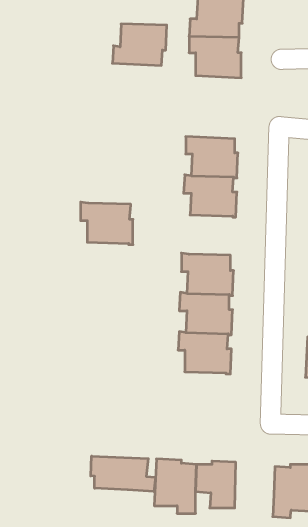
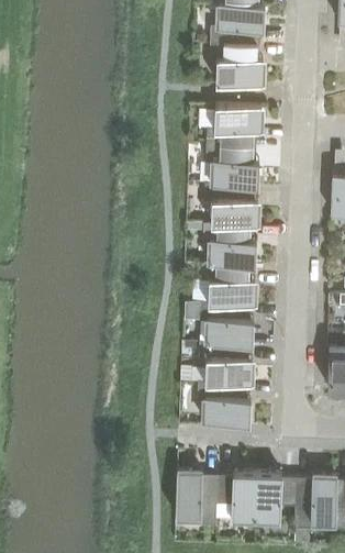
building: [112,24,167,65] -> [207,108,261,150]
building: [81,202,133,245] -> [203,225,256,268]
building: none -> [198,384,251,427]
building: [91,456,156,492] -> none
building: none -> [256,476,297,523]

